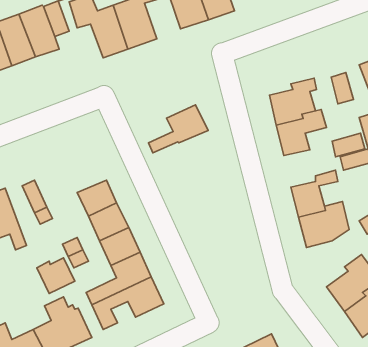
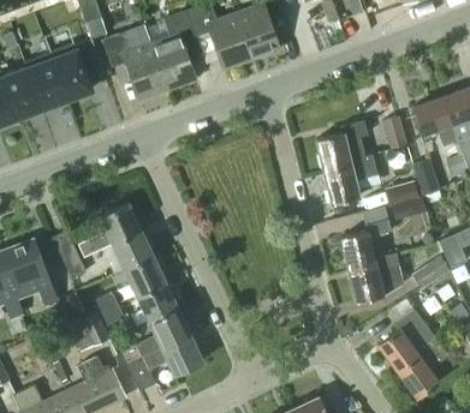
building: [148,105,208,153] -> [79,203,143,255]

